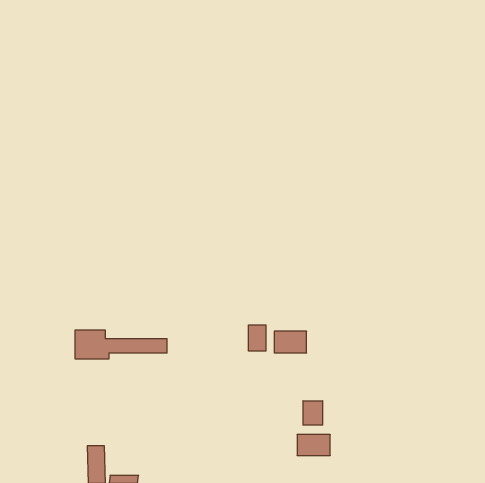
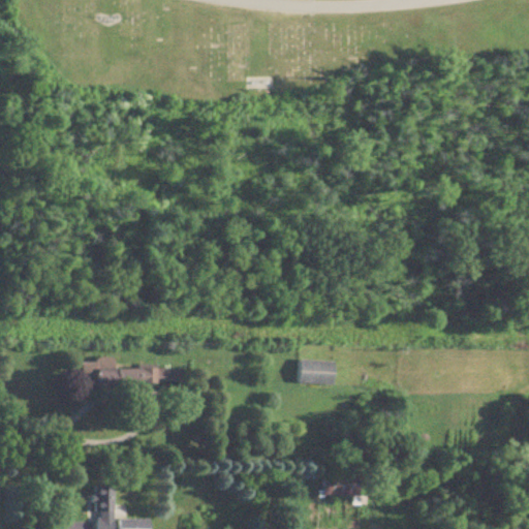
building: [249,325,266,351] -> none
building: [303,401,323,425] -> none

